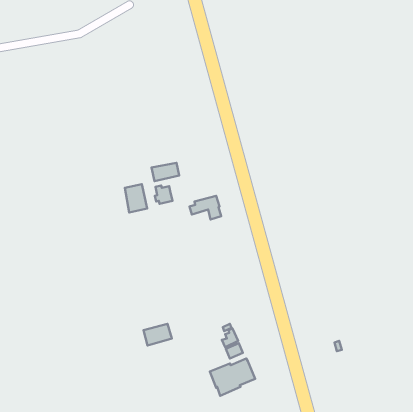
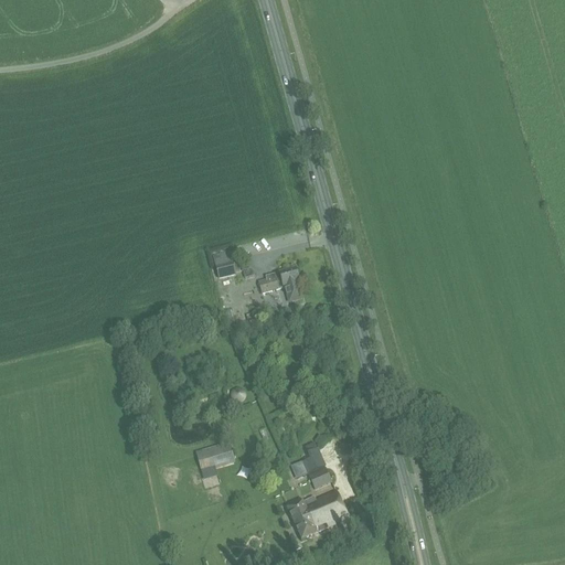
building: [151,163,179,181] -> none
building: [125,184,147,213] -> none

